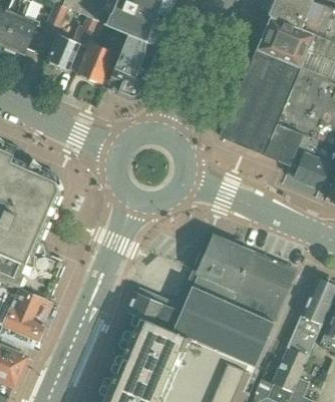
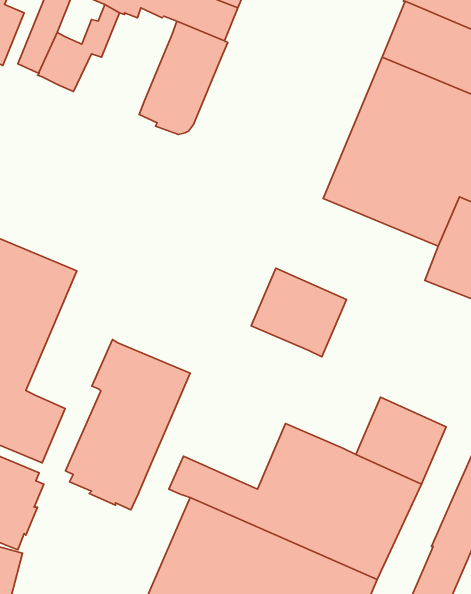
building: [78,21,114,83] -> none
building: none -> [65,339,190,510]
building: [198,237,256,291] -> [251,268,346,357]

